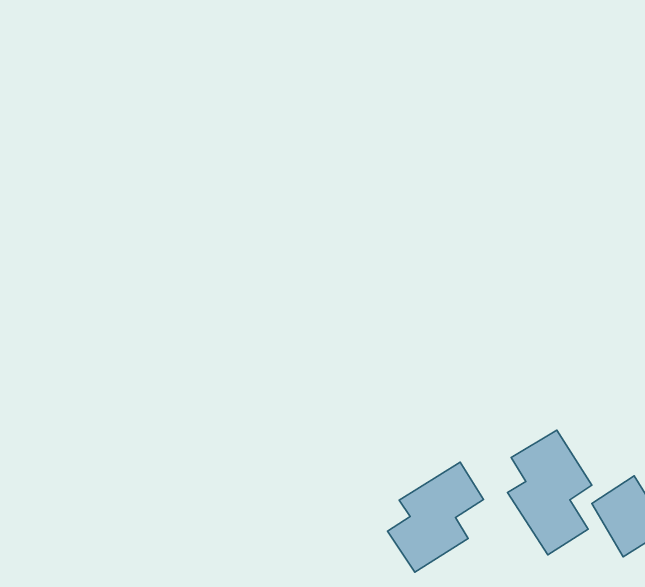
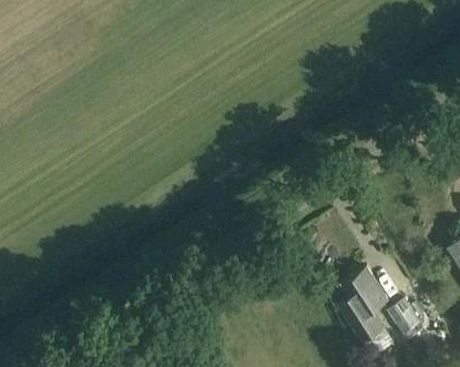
building: [388,462,484,572] -> none

